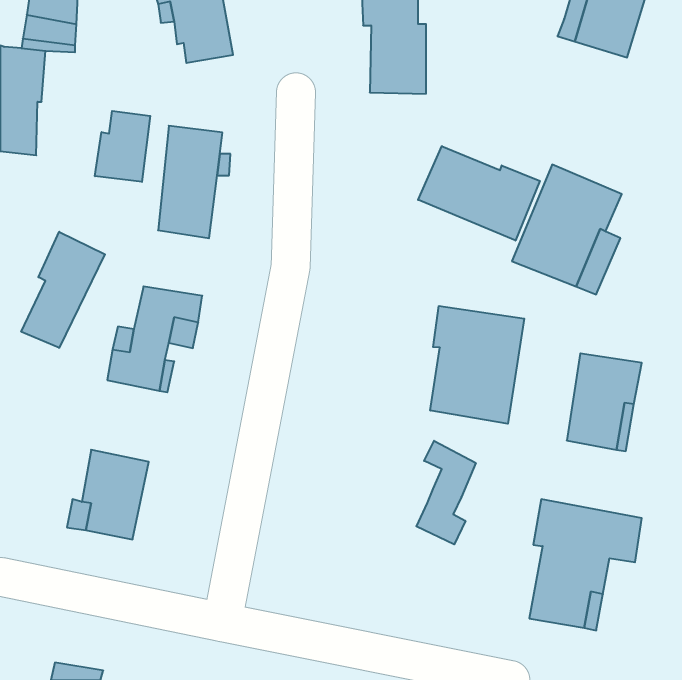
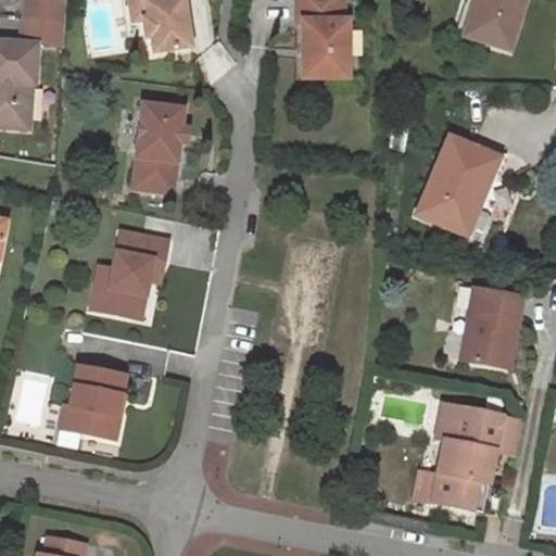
building: [95,111,150,182] -> none
building: [418,146,540,241] -> none
building: [21,232,105,348] -> none
building: [430,306,524,424] -> none
building: [416,441,476,544] -> none

